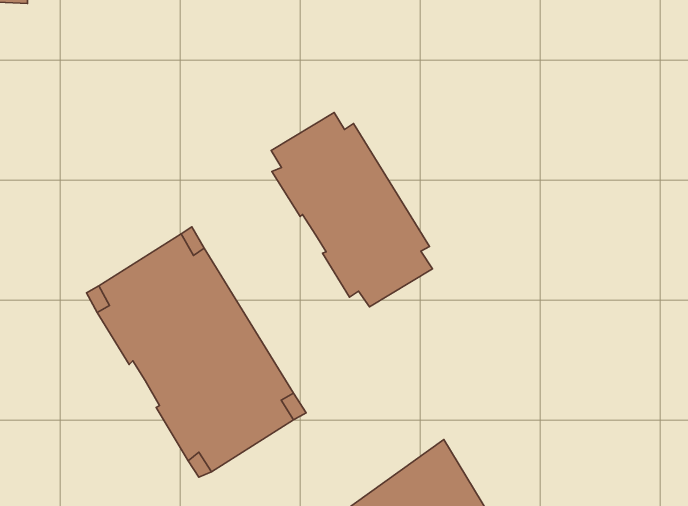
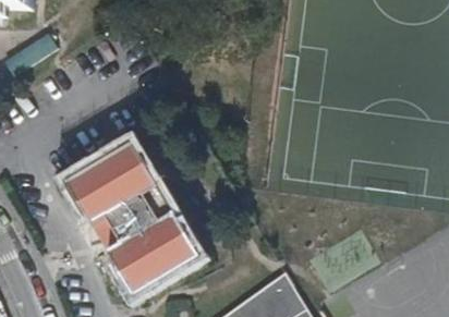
building: [271,112,432,307] -> none

